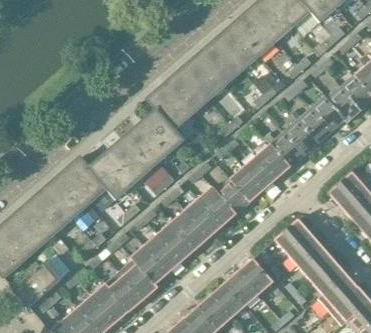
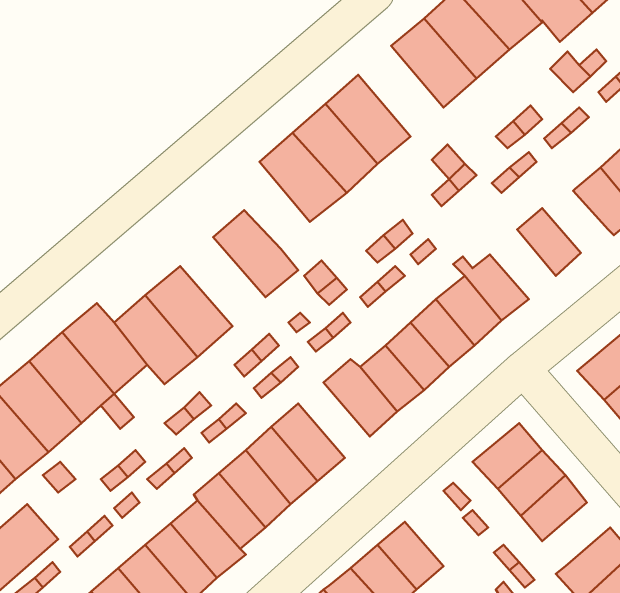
building: [216,24,260,71] -> none
building: [148,84,191,129] -> none
building: [311,95,345,131] -> none
building: [284,113,318,155] -> none
building: [124,123,168,169] -> none
building: [185,198,222,237] -> none
building: [240,258,274,293] -> none
building: [311,260,346,293] -> none

